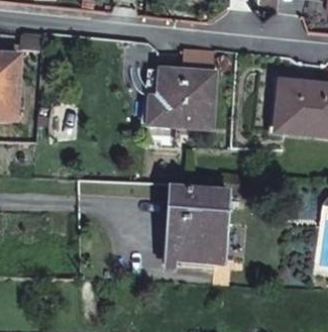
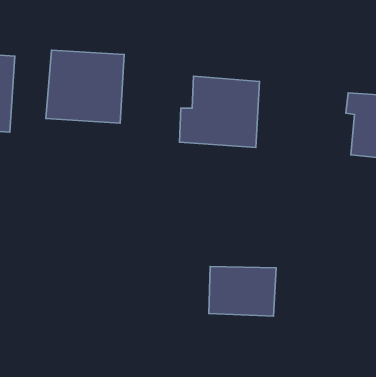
building: none -> [46,50,124,123]
building: [174,188,227,223] -> none

